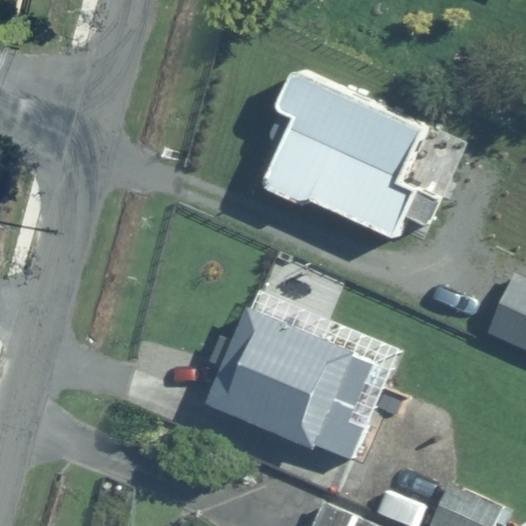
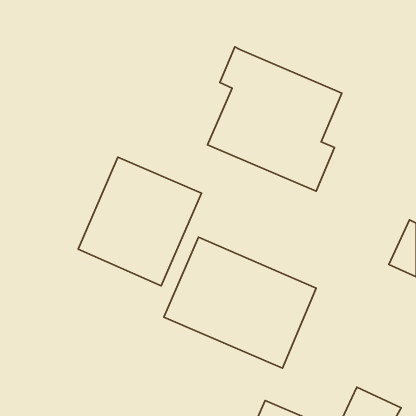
building: none -> [78,157,202,286]

